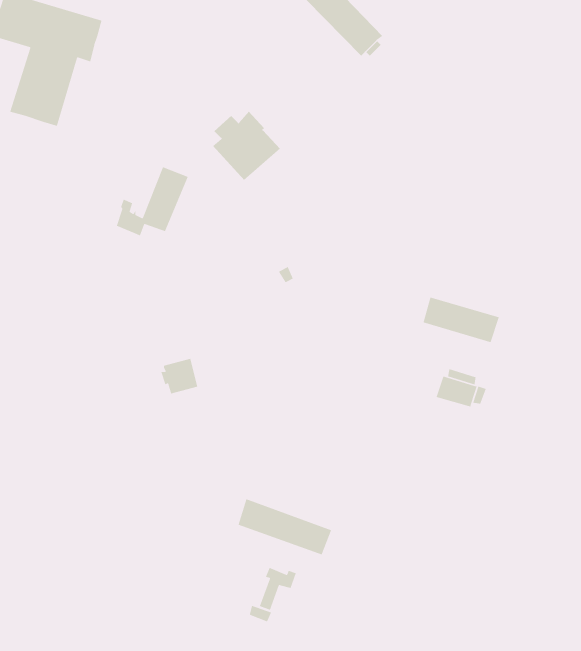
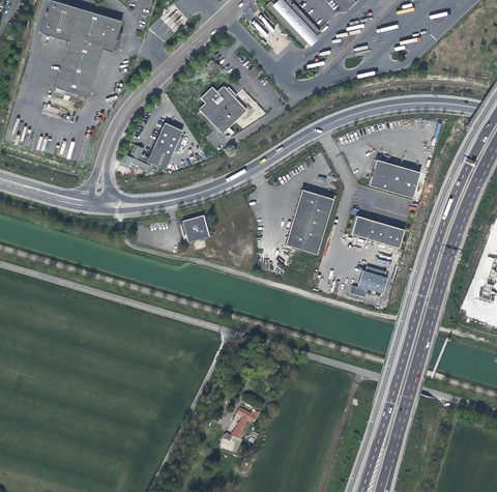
building: none -> [366,160,418,198]
building: none -> [284,189,331,253]
building: [160,358,198,394] -> [180,215,207,241]
building: [237,498,332,556] -> none

